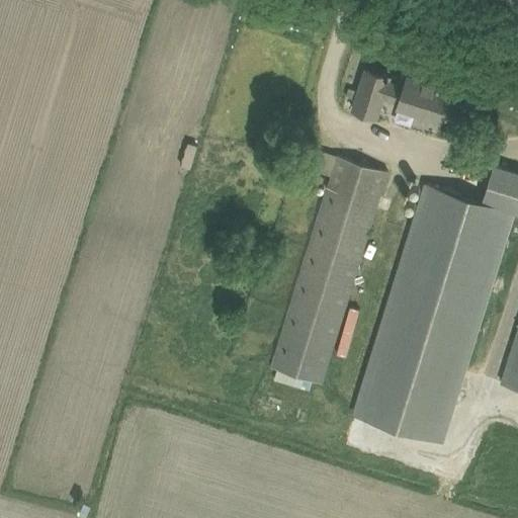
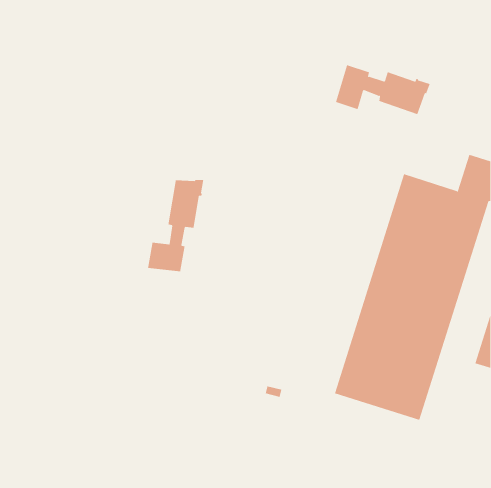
building: [273,159,387,384] -> none
building: none -> [148,179,204,272]

